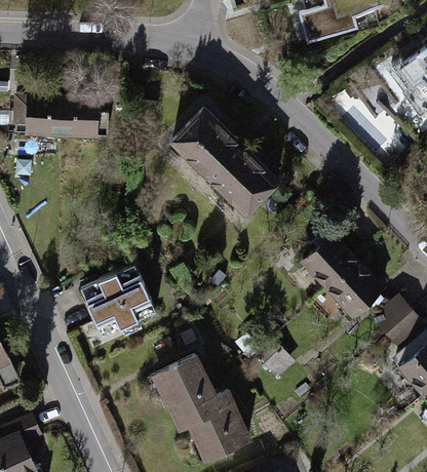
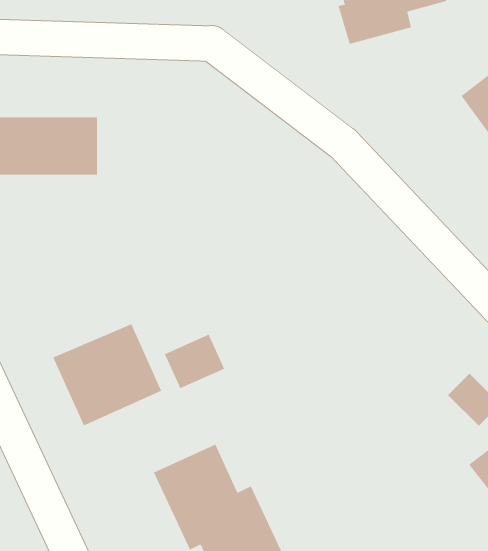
building: [170,114,275,222] -> none
building: [301,235,383,317] -> none
building: none -> [164,334,225,389]

